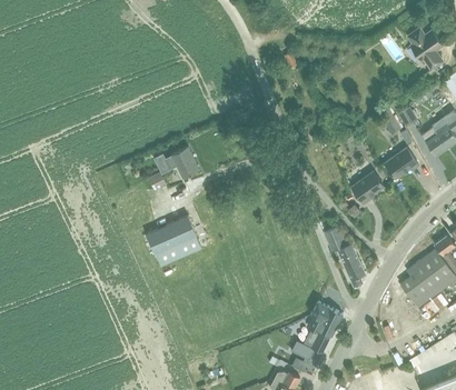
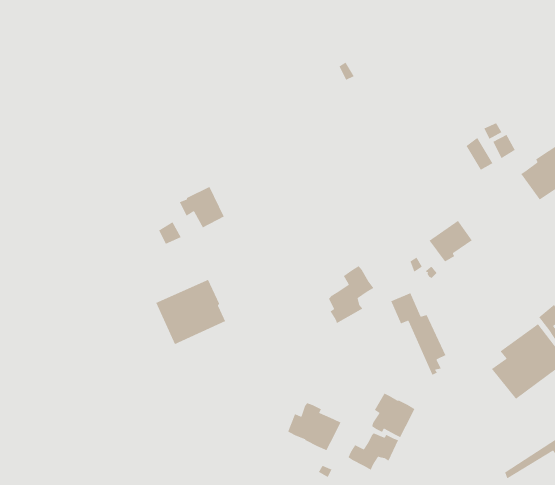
building: [409,30,443,70] -> none
building: [385,149,419,180] -> none
building: none -> [328,265,375,324]
building: none -> [287,402,341,451]

